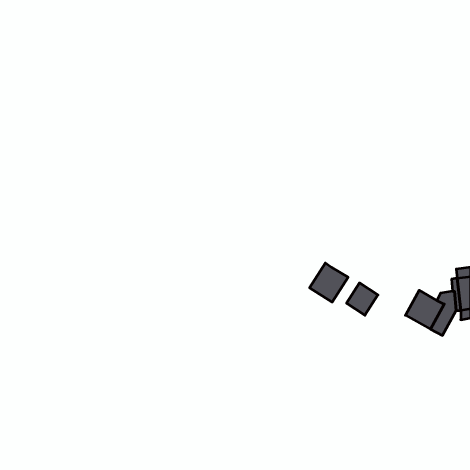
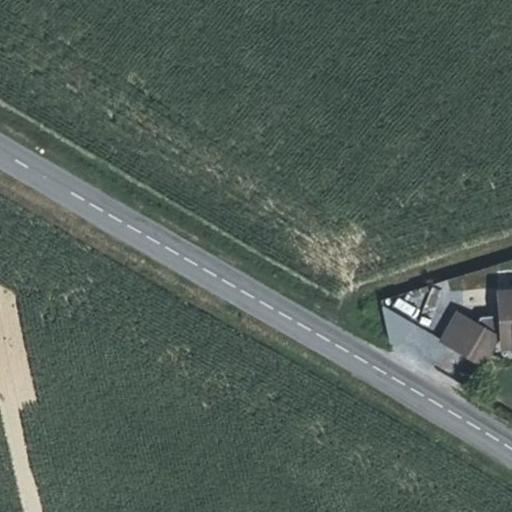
building: [310,263,348,302] -> none

